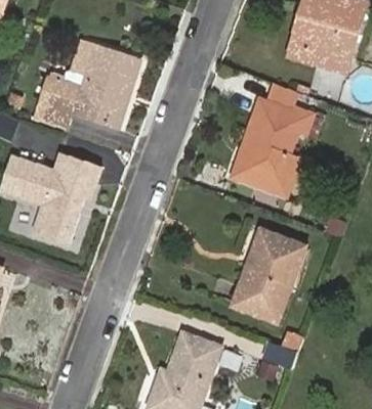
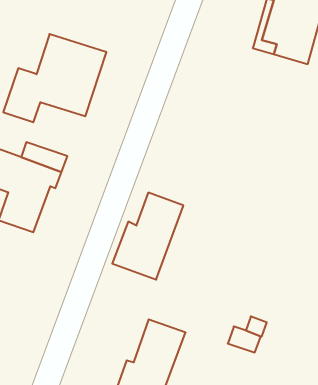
building: [233,98,315,194] -> none
building: [233,232,305,321] -> [112,193,183,280]

